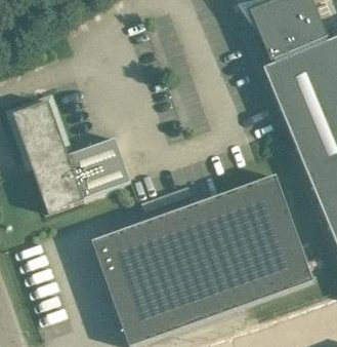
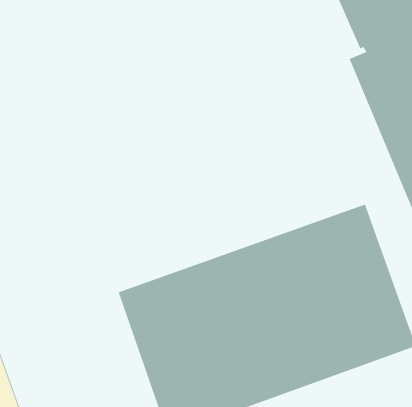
building: [12,99,131,211] -> none

